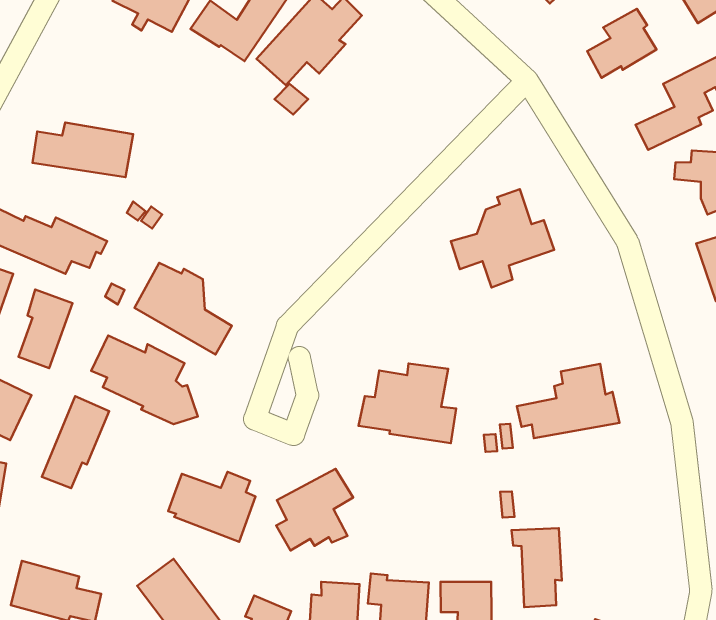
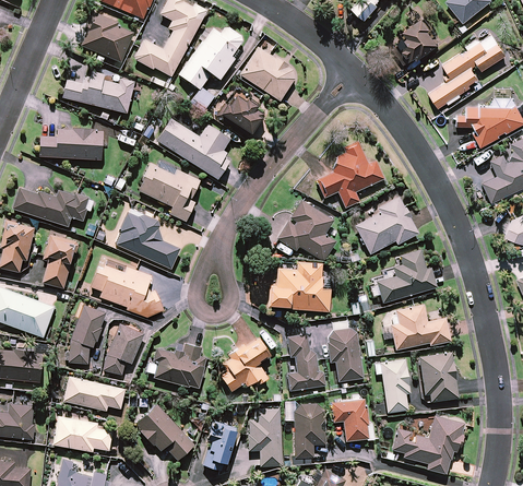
building: none -> [239,36,298,100]
building: none -> [62,71,134,114]
building: none -> [218,95,262,134]
building: none -> [156,119,229,179]
building: none -> [138,162,200,222]
building: none -> [276,200,335,261]
building: none -> [355,198,417,254]
building: none -> [102,323,143,376]
building: none -> [382,305,450,349]
building: none -> [326,328,361,381]
building: none -> [287,334,324,390]
building: none -> [63,377,124,411]
building: none -> [418,352,457,402]

